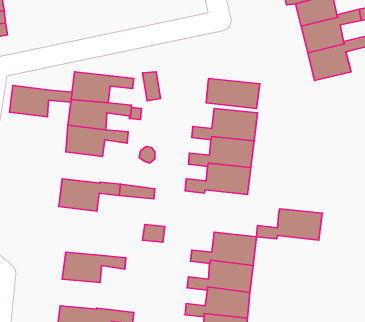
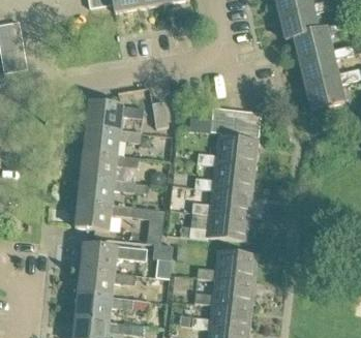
building: [10,86,72,117] -> [78,177,136,206]
building: [256,209,322,240] -> [188,212,249,241]
building: none -> [81,244,147,273]
building: none -> [76,295,133,322]

